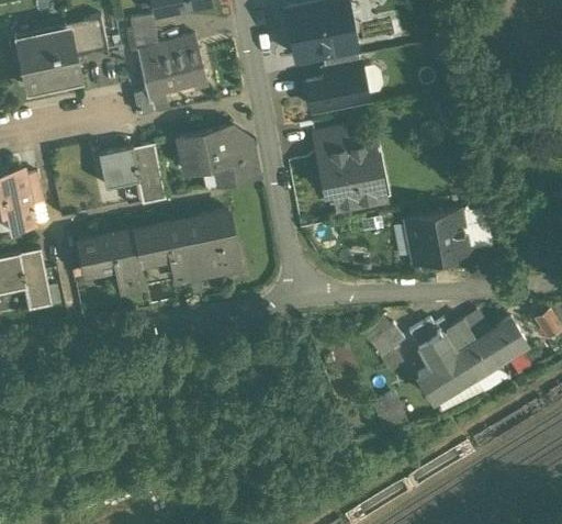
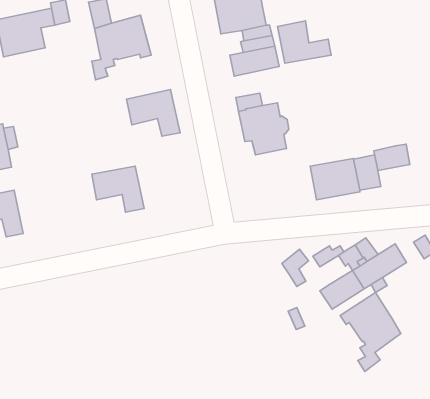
building: none -> [278,21,331,63]
building: [98,144,164,202] -> none
building: [236,144,260,181] -> none
building: none -> [374,144,410,171]
building: [188,215,235,276] -> none
building: [78,233,145,291] -> none
building: [417,334,458,369] -> none
building: none -> [340,293,401,372]

